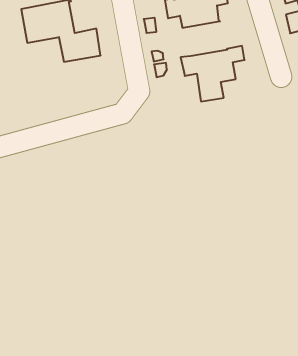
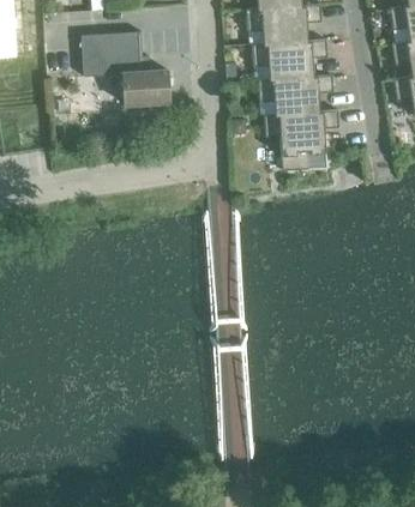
building: none -> [257,73,332,113]

